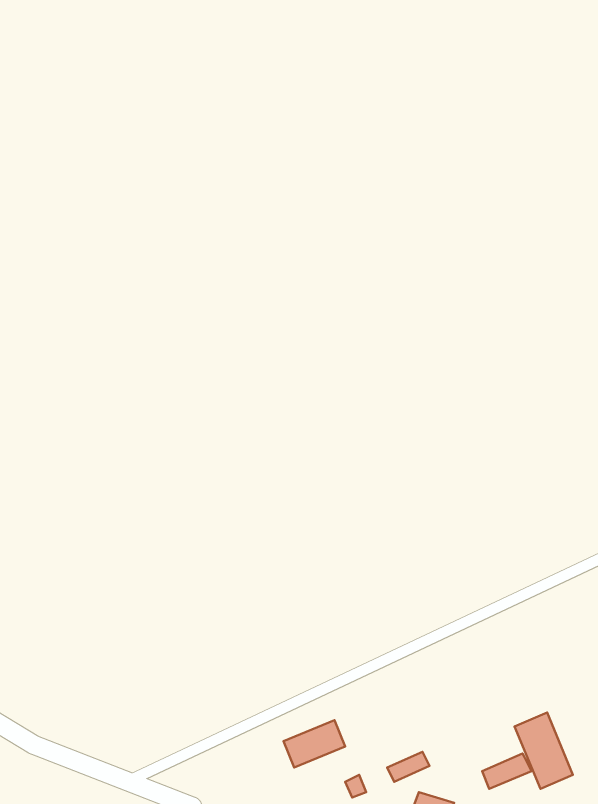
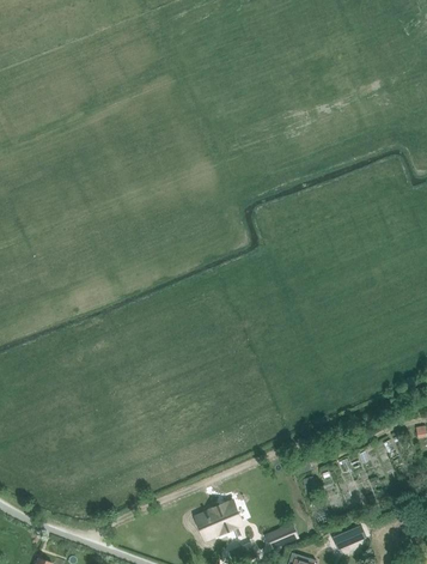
building: [514,713,573,789] -> none

